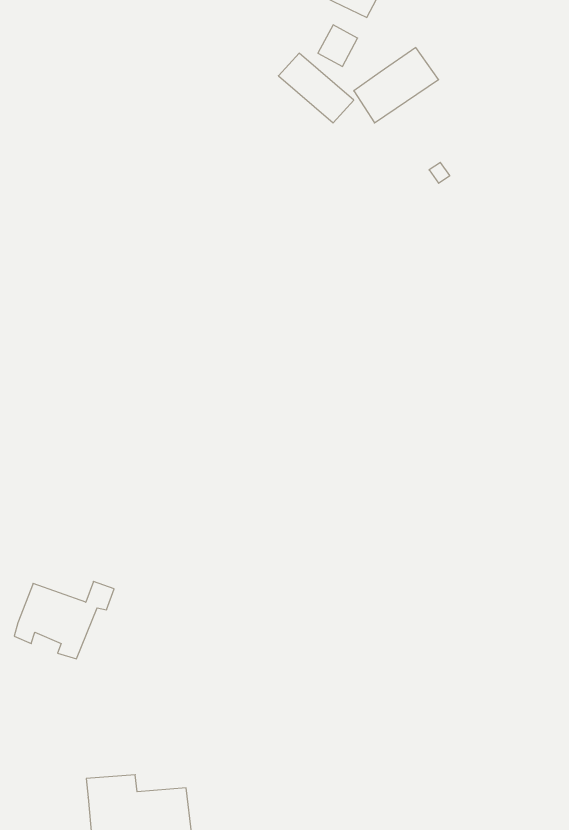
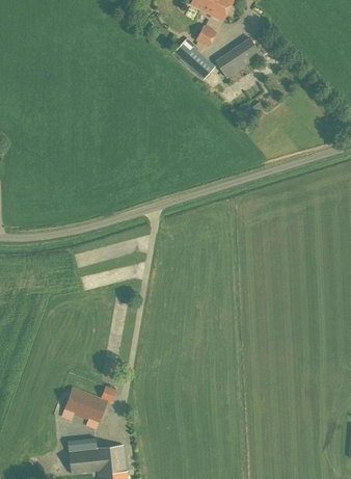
building: [14,581,114,659] -> [61,387,116,429]

